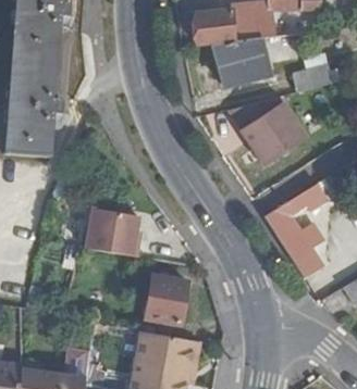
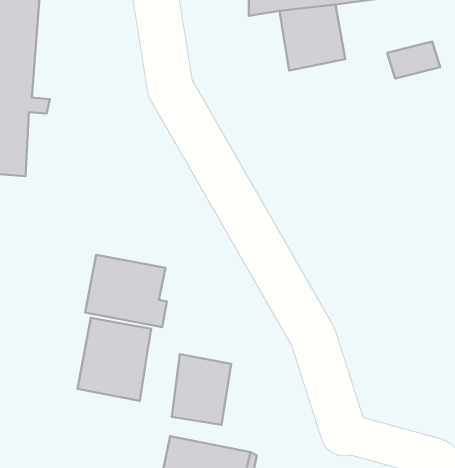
building: [229,93,304,162] -> none
building: [262,181,327,276] -> none
building: none -> [78,318,151,401]

